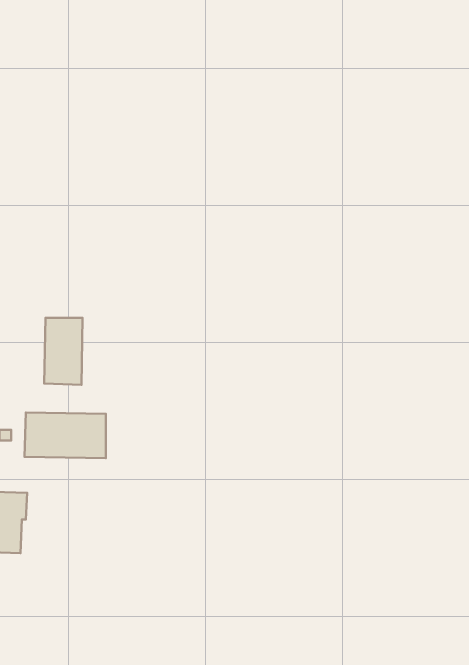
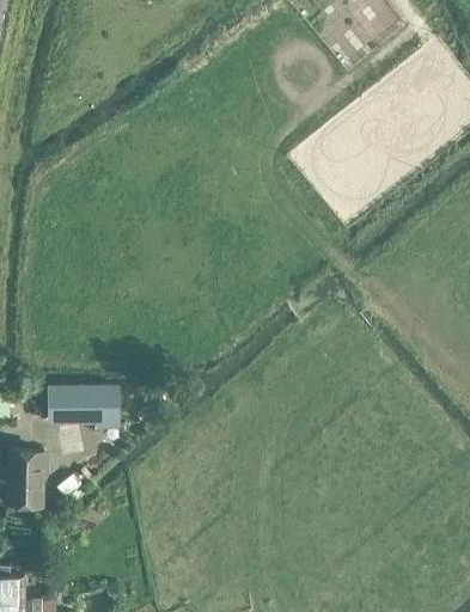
building: [44,318,83,385] -> none

